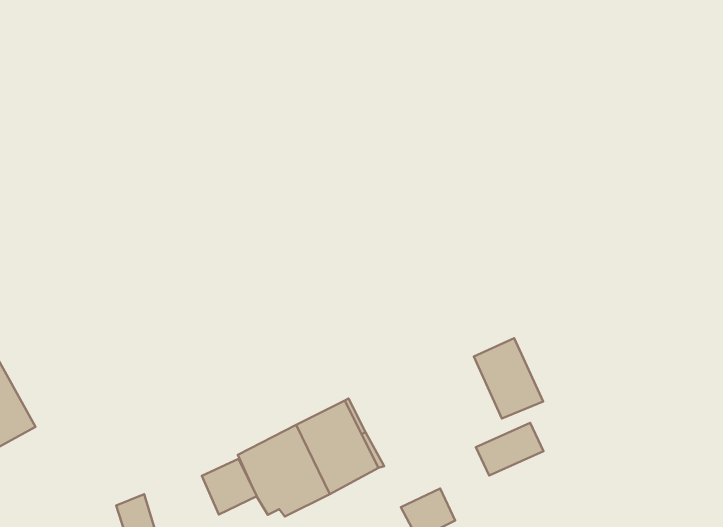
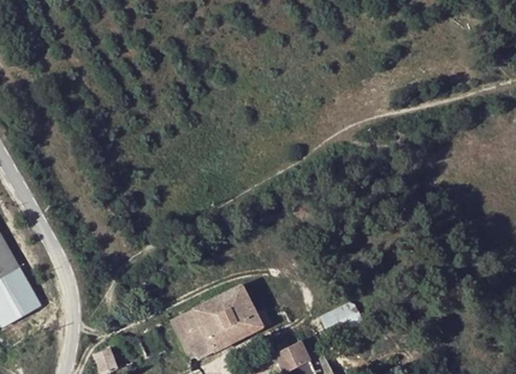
building: [474,338,543,419] -> none
building: [202,459,257,515] -> none

